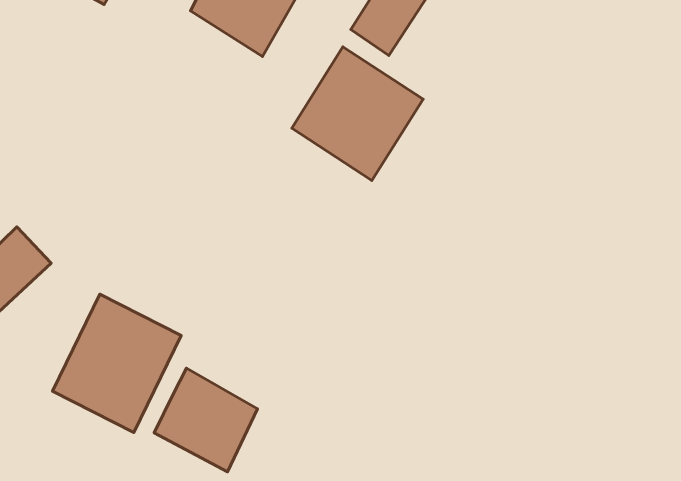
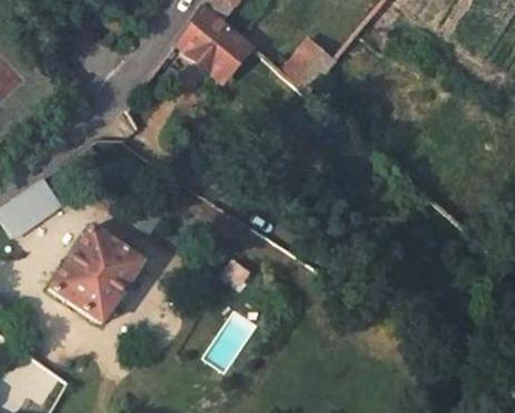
building: [292,47,423,180] -> none
building: [154,368,258,472] -> none

